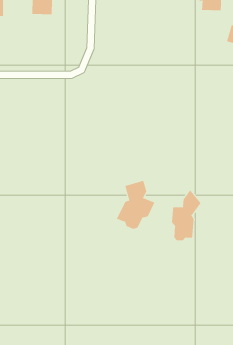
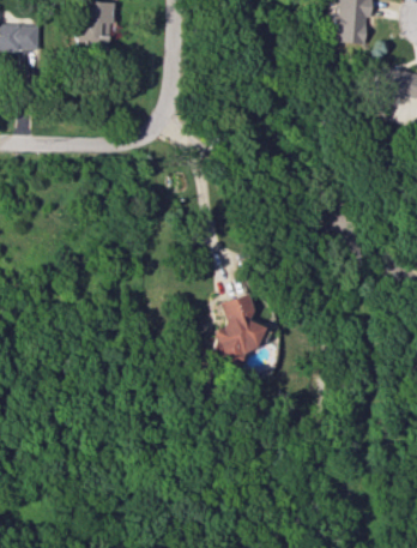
building: [171,190,201,241] -> none

